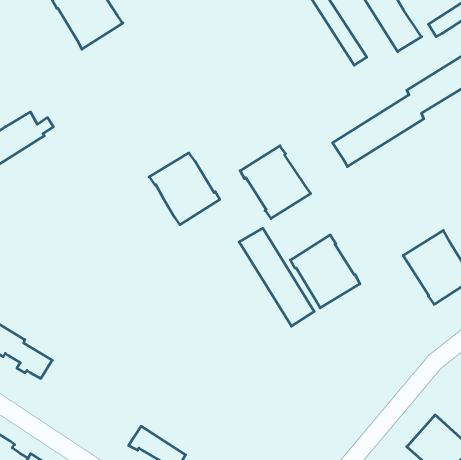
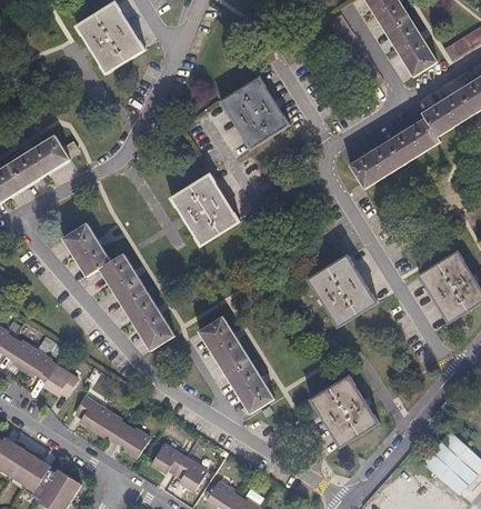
building: [240,146,311,219] -> [221,78,290,149]
building: none -> [63,222,173,349]
building: [239,228,314,326] -> [200,317,273,412]
building: none -> [311,375,379,446]
building: none -> [76,395,149,453]

